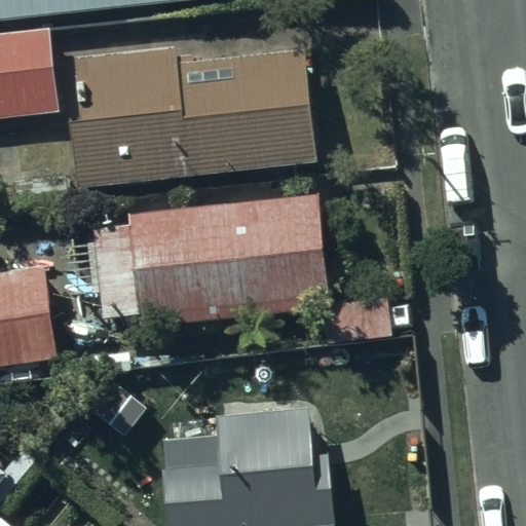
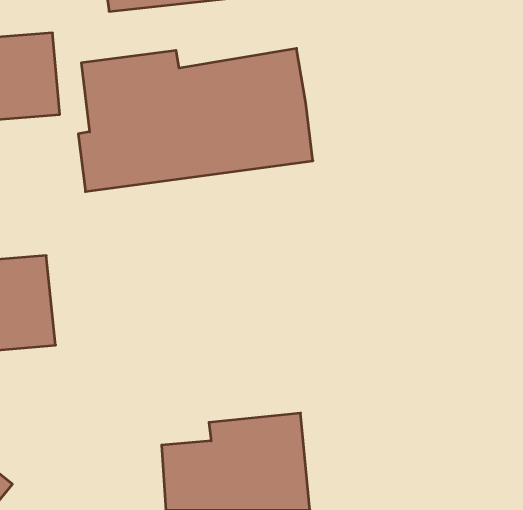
building: [129,196,325,332] -> none

